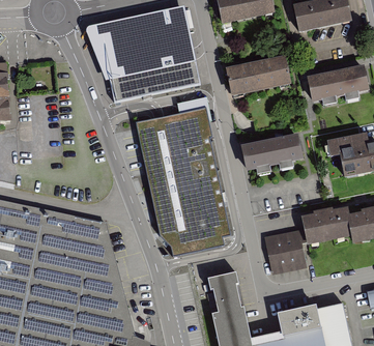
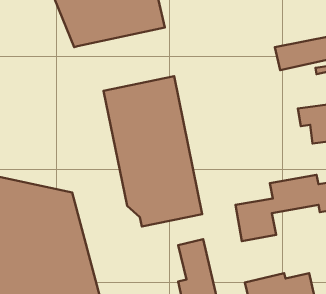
building: [224,55,290,93] -> none
building: [109,58,201,102] -> none
building: [241,134,301,169] -> none

